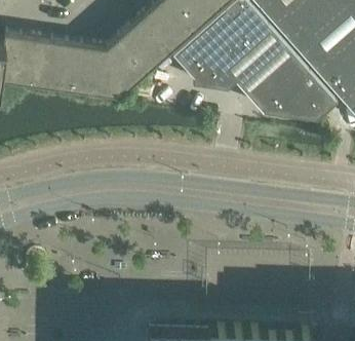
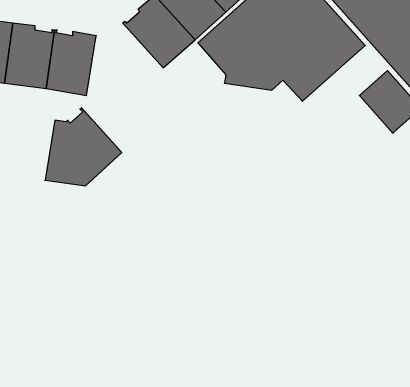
building: [92,39,149,97] -> [45,108,122,186]
building: [251,55,318,120] -> none

